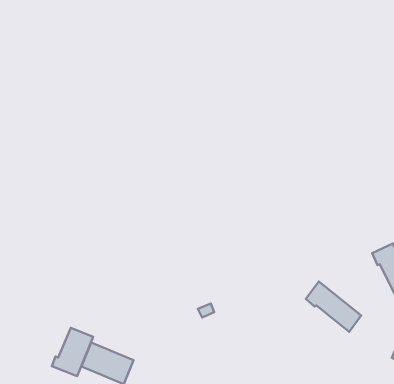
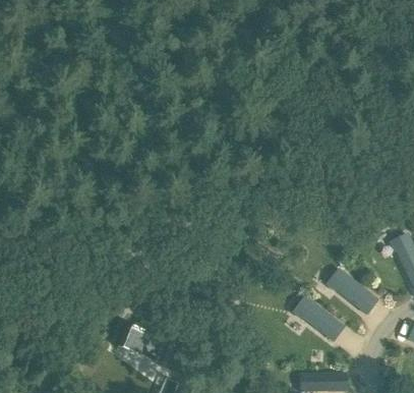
building: none -> [292,295,346,341]
building: [52,328,93,376] -> none

